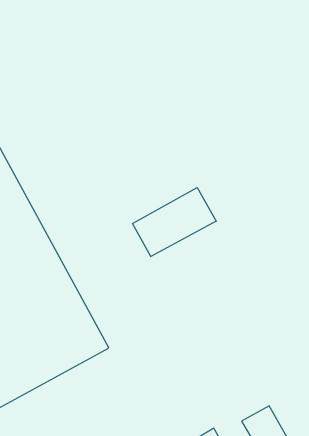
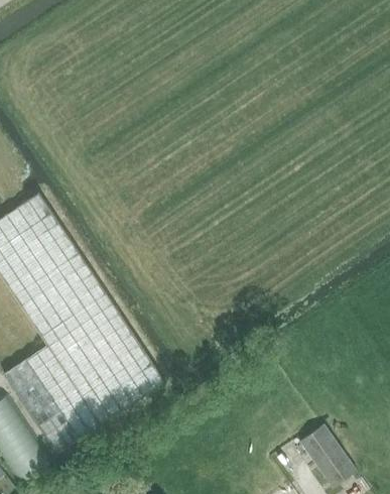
building: [133,188,216,257] -> none

